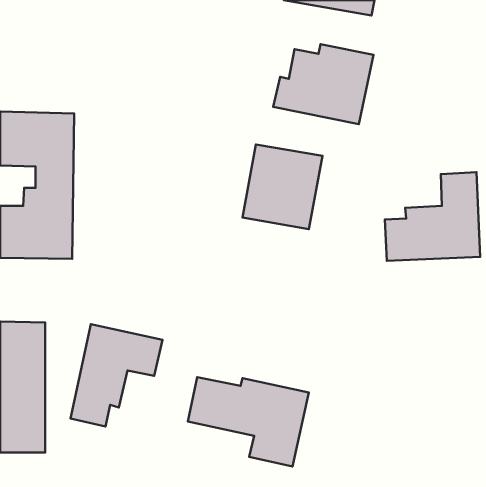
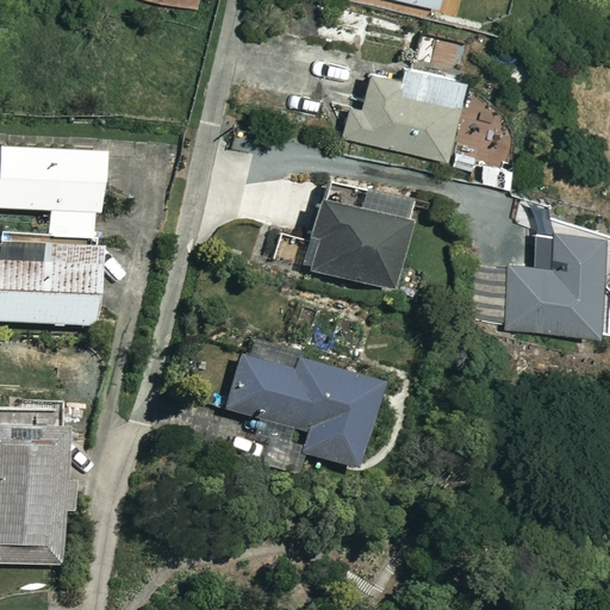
building: [70,324,163,426] -> none
building: [188,377,309,467] -> [226,357,376,468]

